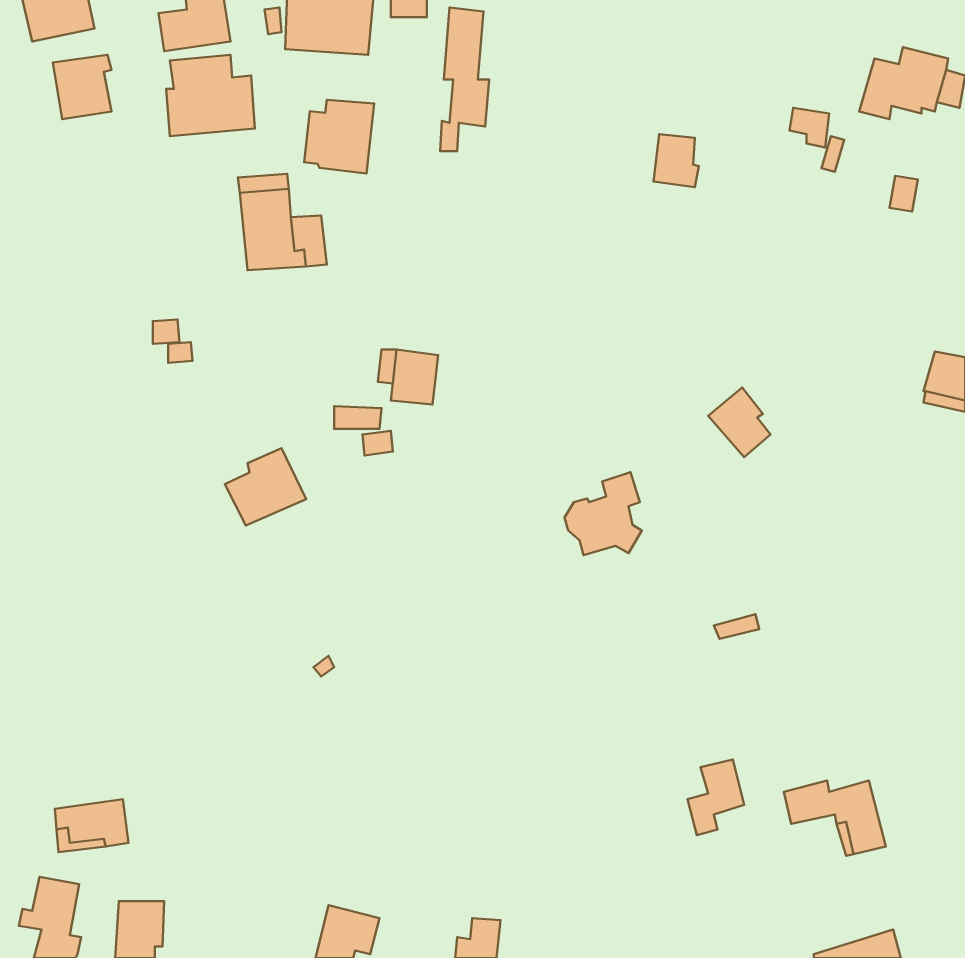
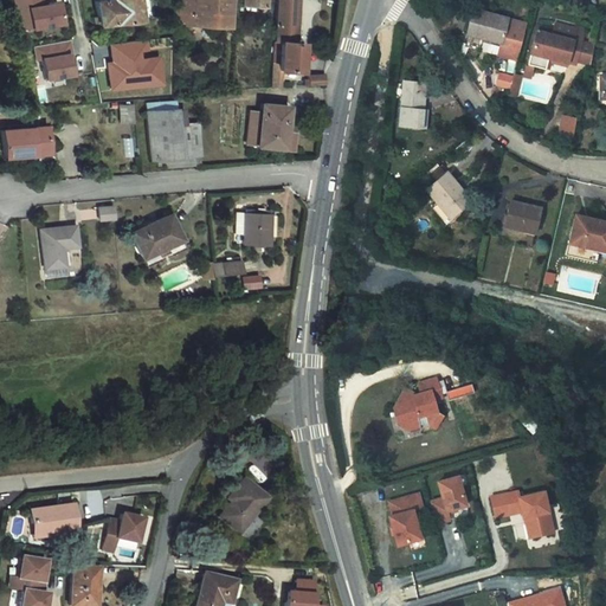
building: none -> [477,12,537,63]
building: [304,100,374,173] -> [251,112,295,159]
building: none -> [6,131,60,168]
building: none -> [512,206,549,239]
building: none -> [44,232,79,275]
building: [708,387,770,457] -> [434,178,473,221]
building: [225,448,306,526] -> [138,224,189,272]
building: [564,472,642,555] -> [397,379,445,431]
building: none -> [225,475,271,528]
building: none -> [389,492,423,544]
building: none -> [105,509,146,548]

